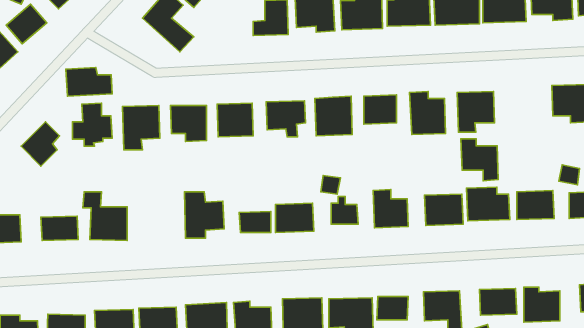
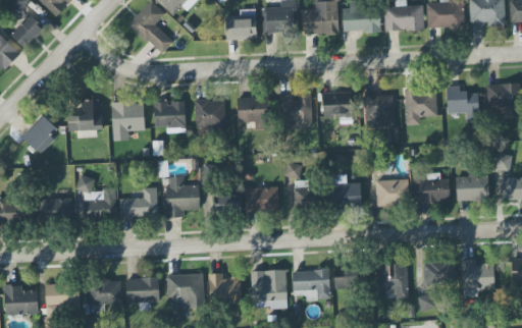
building: [66,68,112,96] -> none
building: [461,139,498,181] -> [446,86,478,122]
building: none -> [119,186,157,217]

